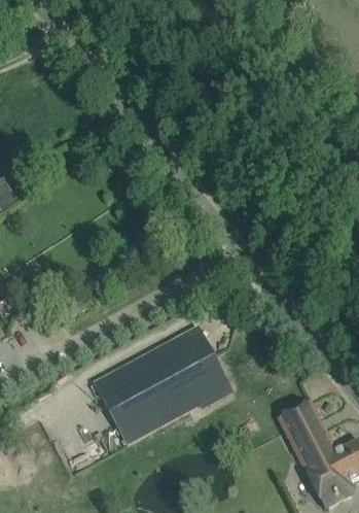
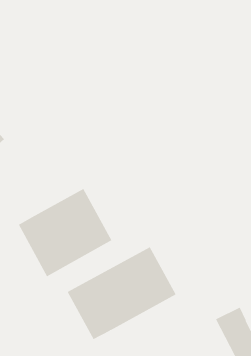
building: none -> [18,188,112,277]

